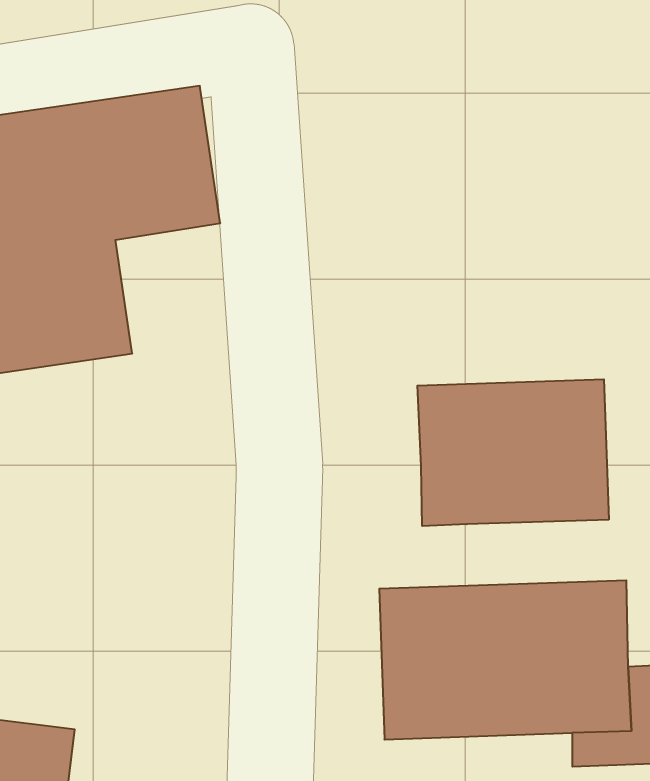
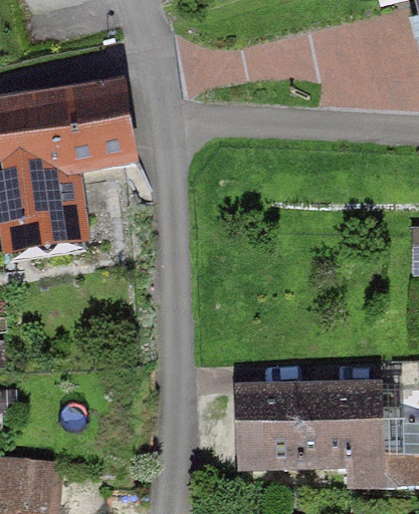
building: [417,379,609,526] -> none

